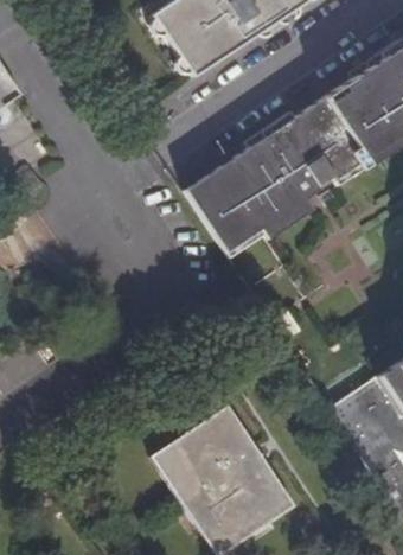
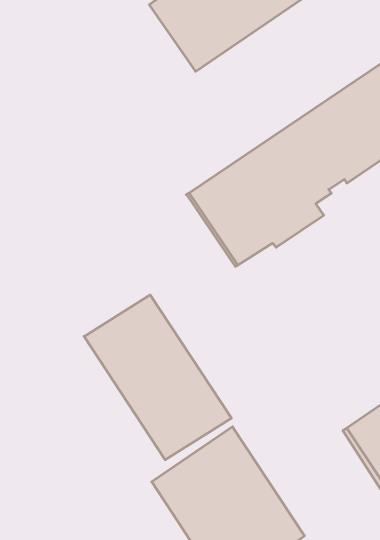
building: none -> [84,295,231,460]

